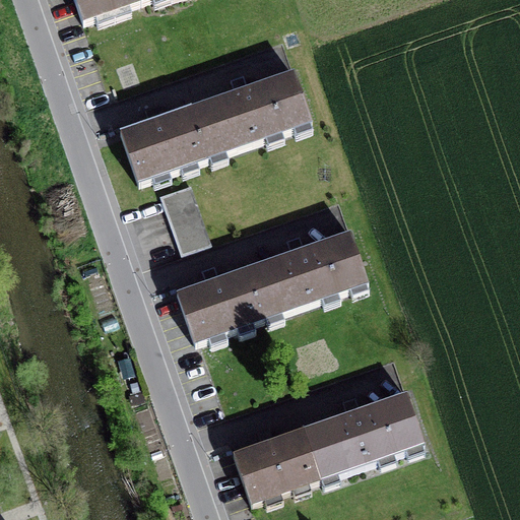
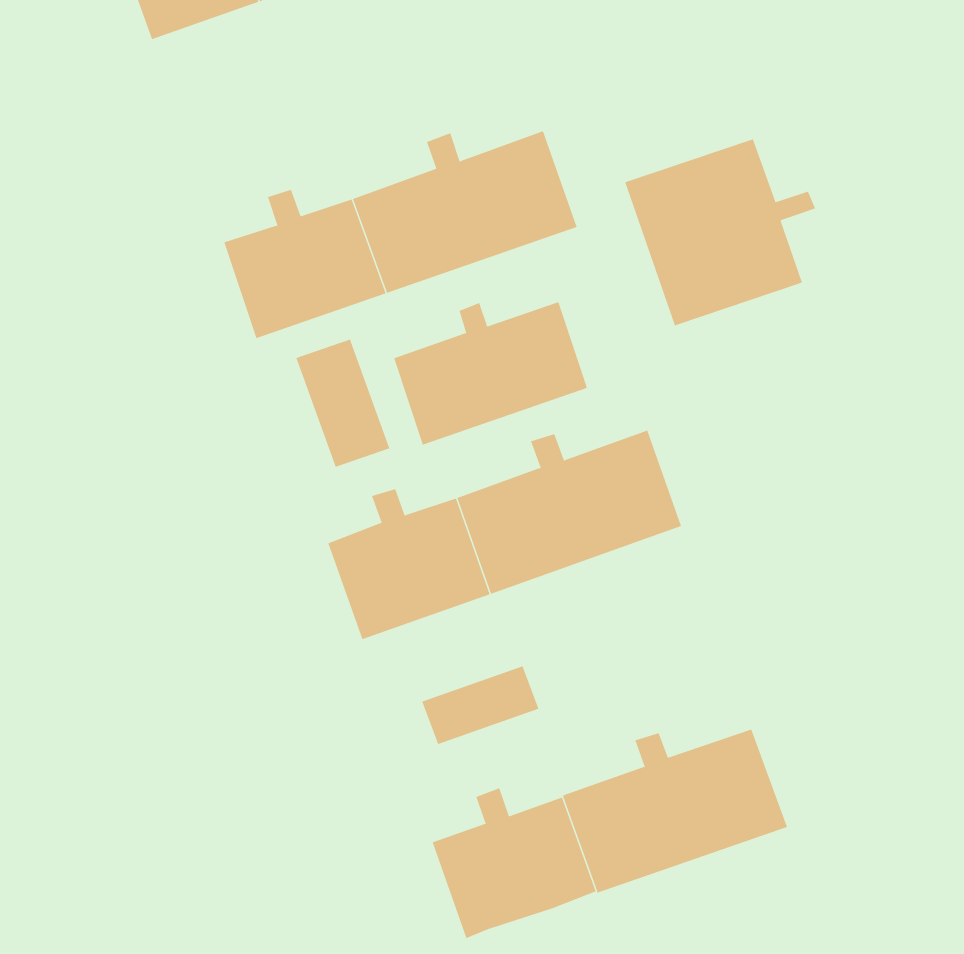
building: none -> [625,139,816,327]
building: none -> [394,302,588,446]
building: none -> [421,666,539,745]

